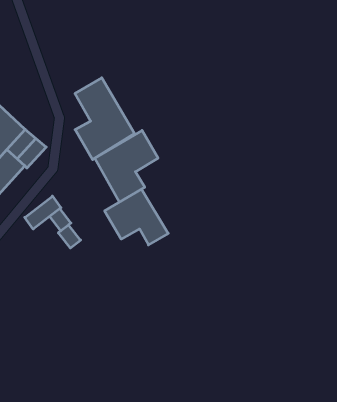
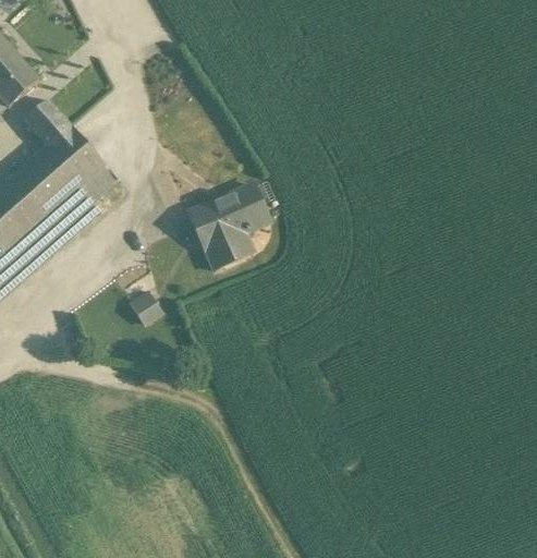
building: [75,78,135,160] -> none
building: [105,189,168,245] -> none
building: [25,196,61,229] -> none

